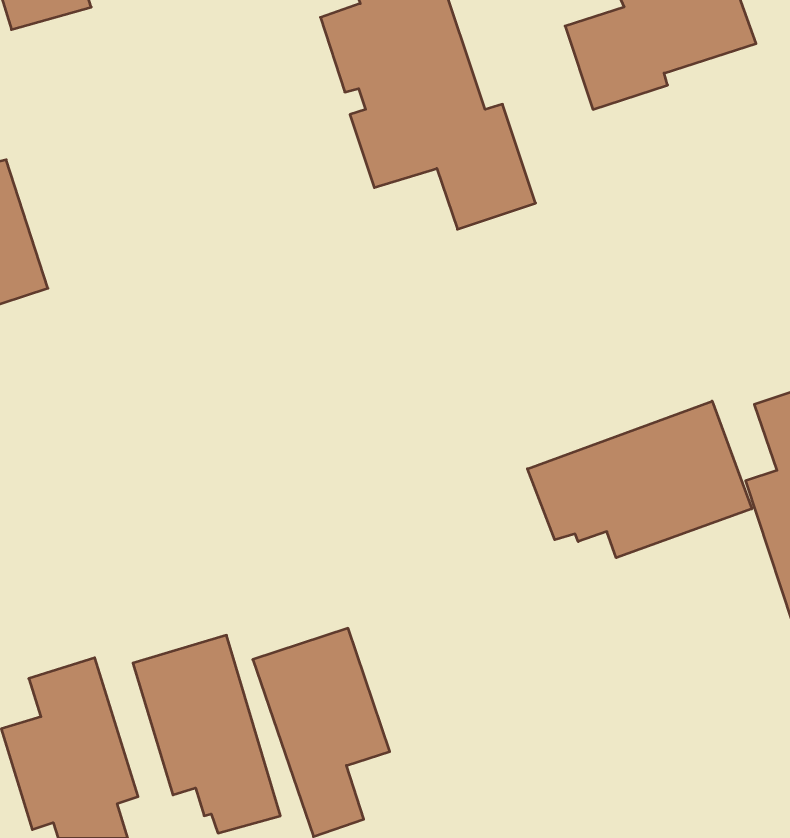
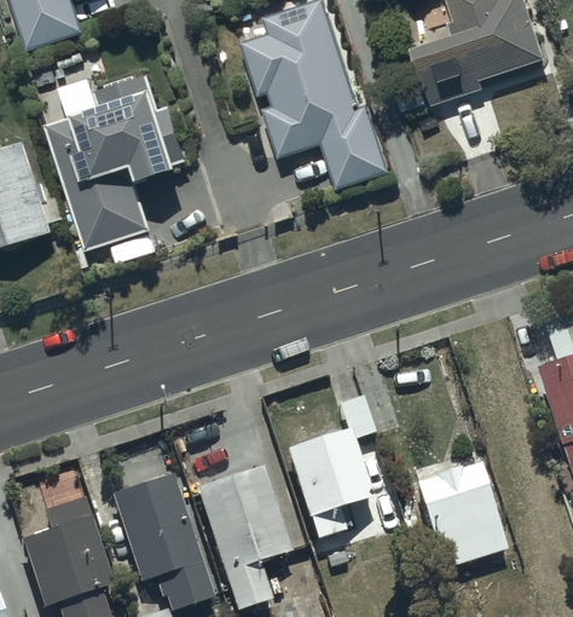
building: none -> [45,74,186,249]
building: [527,401,752,558] -> none
building: none -> [285,391,387,536]
building: none -> [412,462,507,563]

